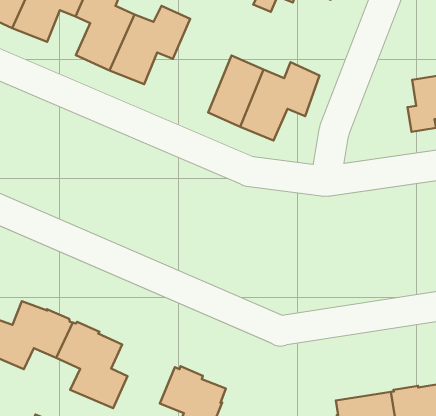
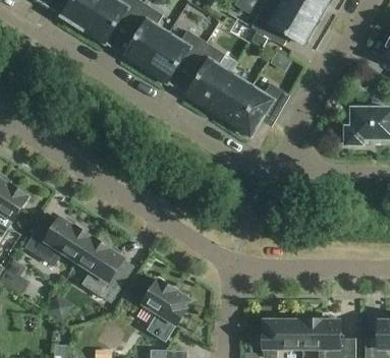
building: none -> [185,42,230,108]

